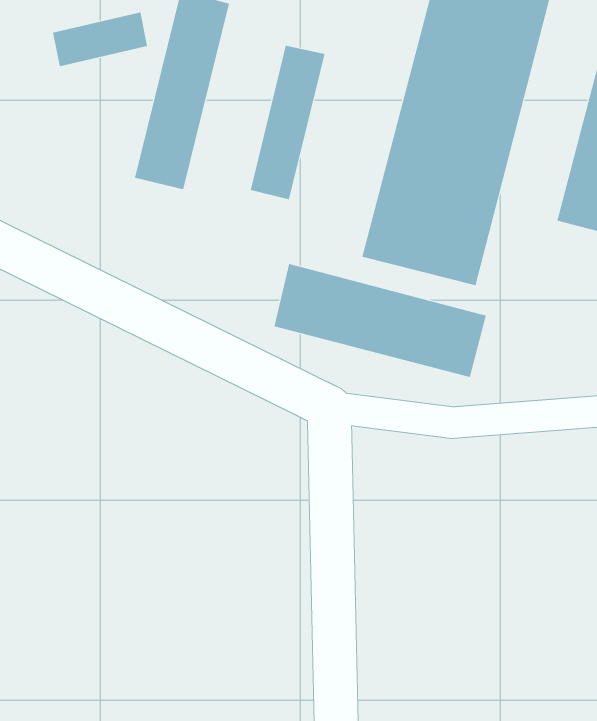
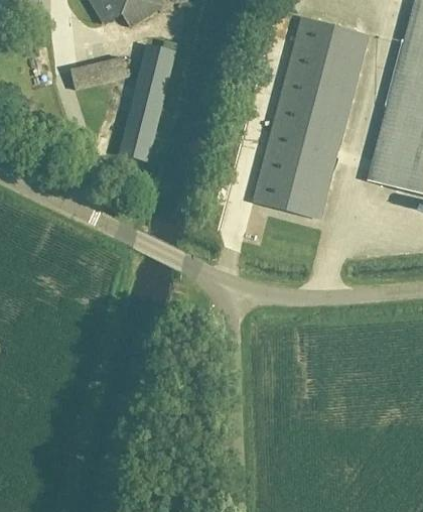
building: [250,45,325,200] -> none
building: [274,263,487,378] -> none

